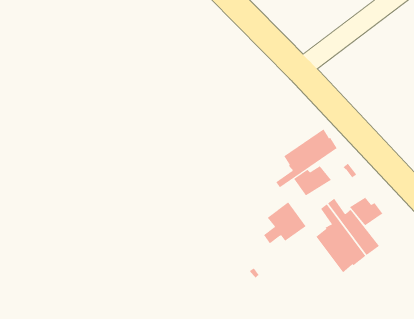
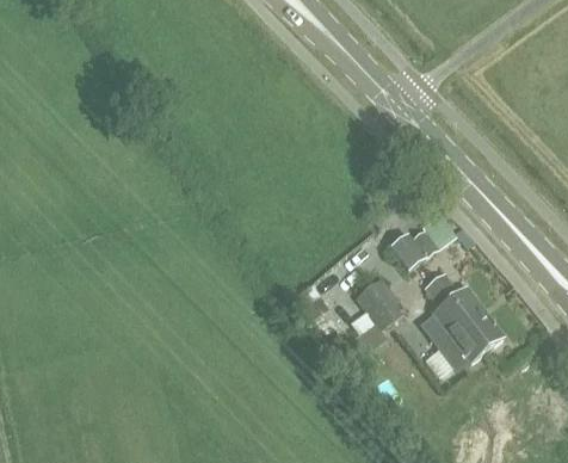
building: [276,128,338,188] -> none
building: [349,197,383,226] -> none

